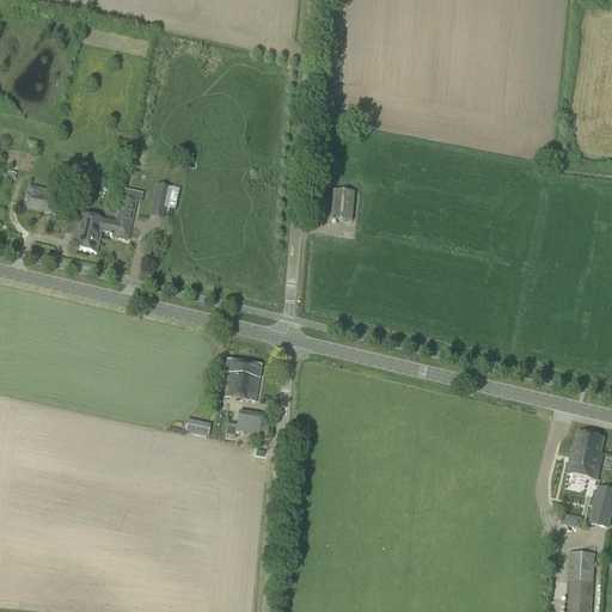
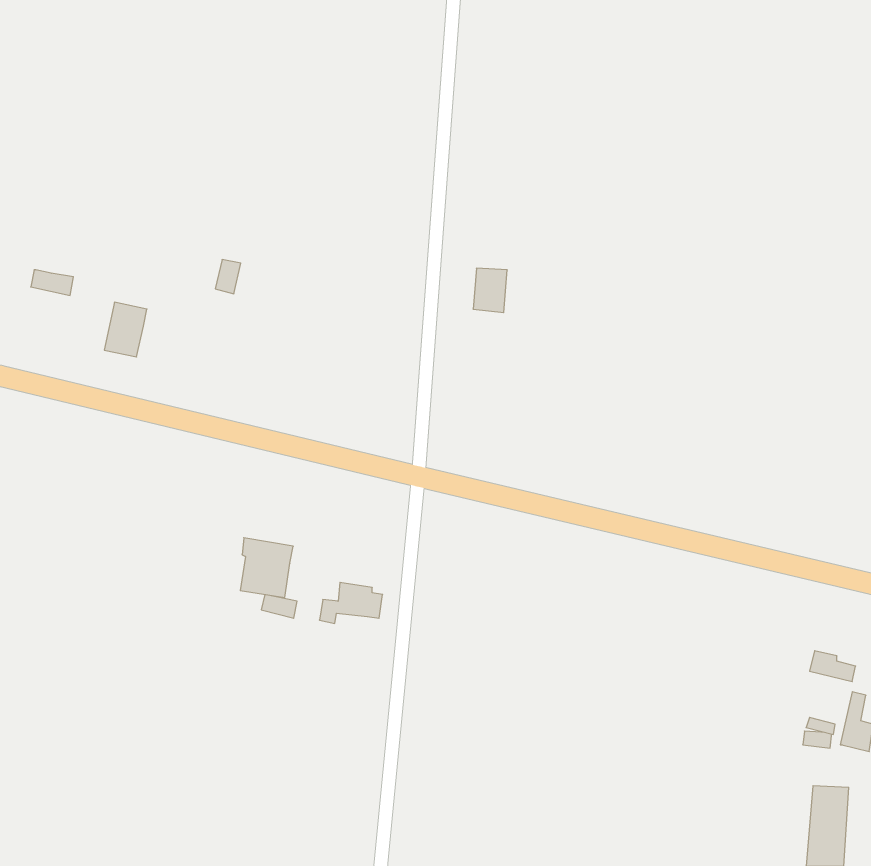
building: [102,195,137,238] -> none
building: [225,357,262,399] -> [240,538,293,597]
building: [571,430,604,466] -> none

